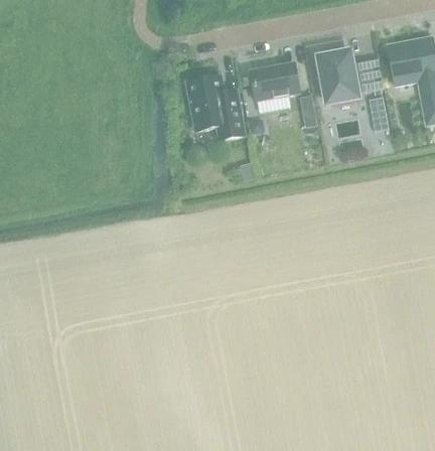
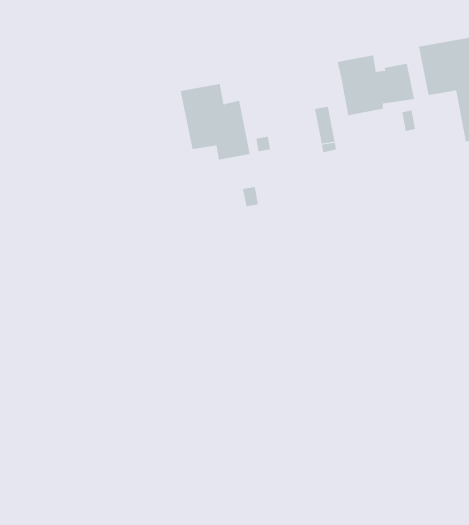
building: [250,58,300,99] -> none

